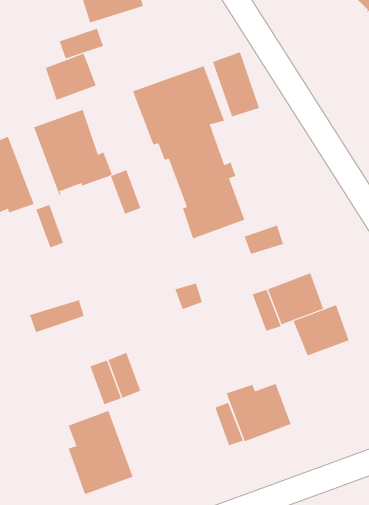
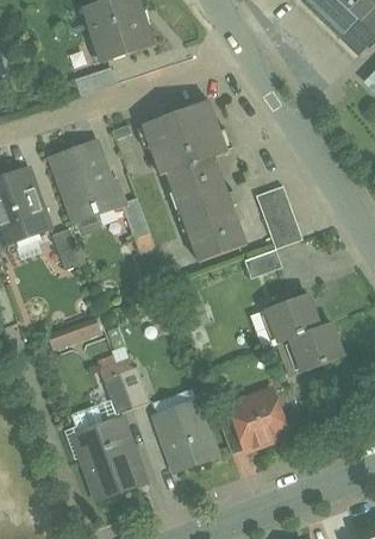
building: [212,51,260,117] -> [256,186,300,246]
building: [45,53,97,105] -> none
building: none -> [156,402,217,470]

